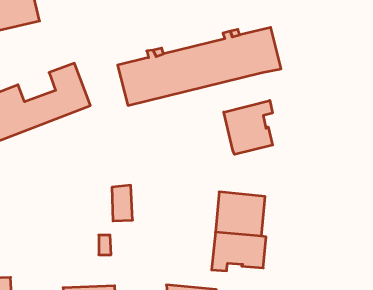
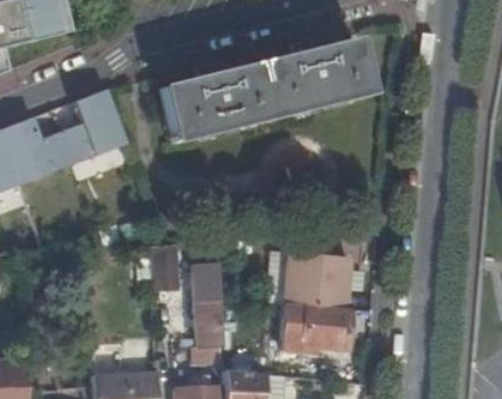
building: [224,100,273,154] -> none
building: none -> [194,242,224,370]

